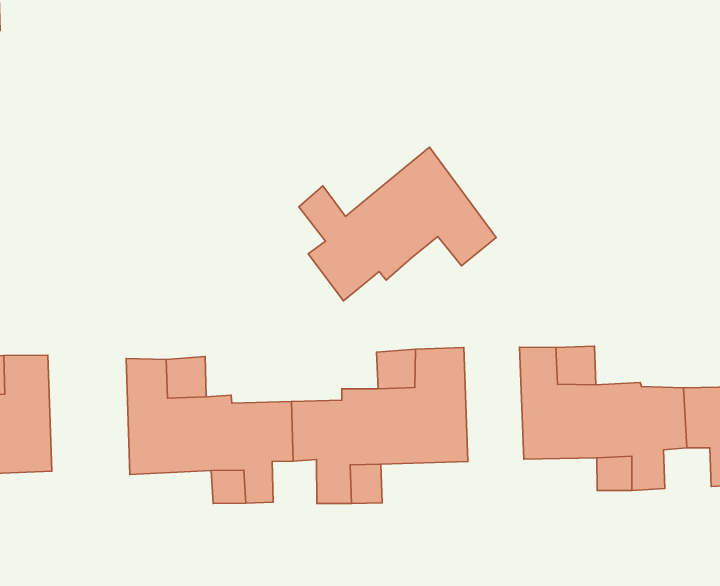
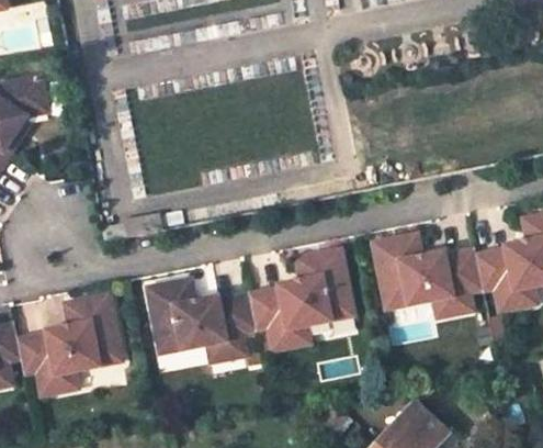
building: [299,147,496,301] -> none

